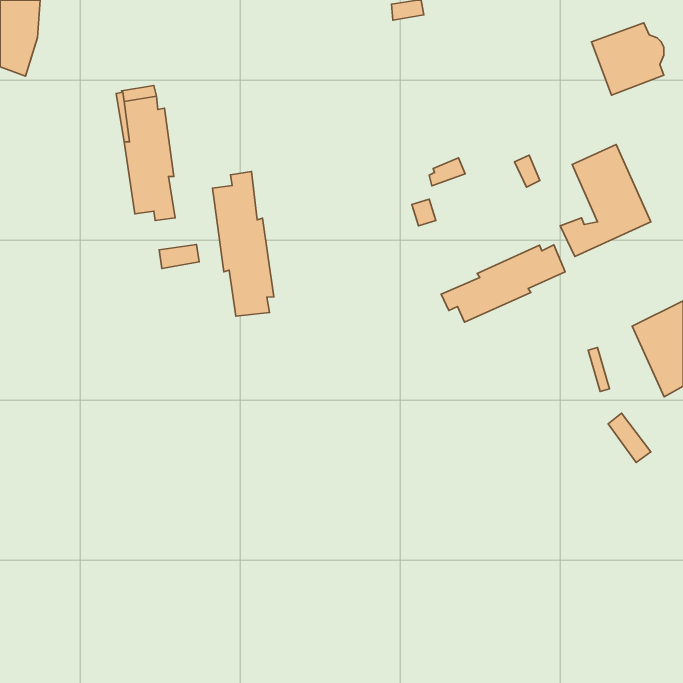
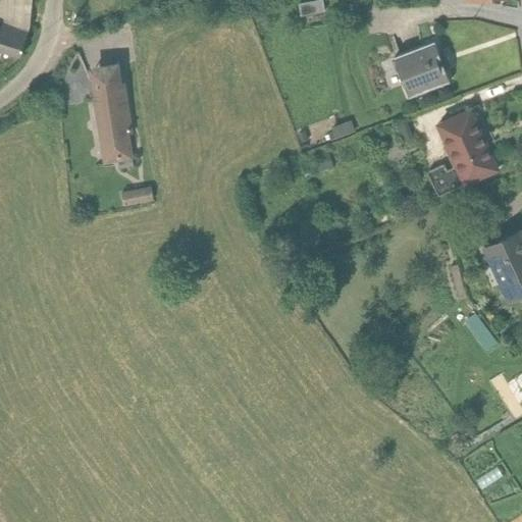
building: [592,23,664,95] -> [394,42,449,97]
building: [213,172,274,316] -> none
building: [441,245,565,322] -> none

